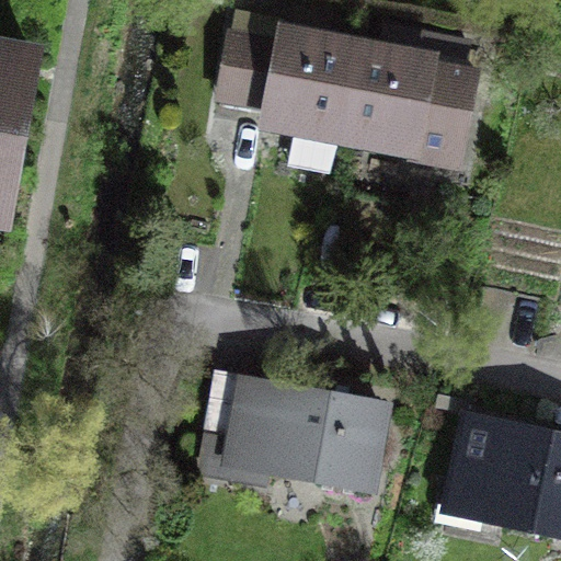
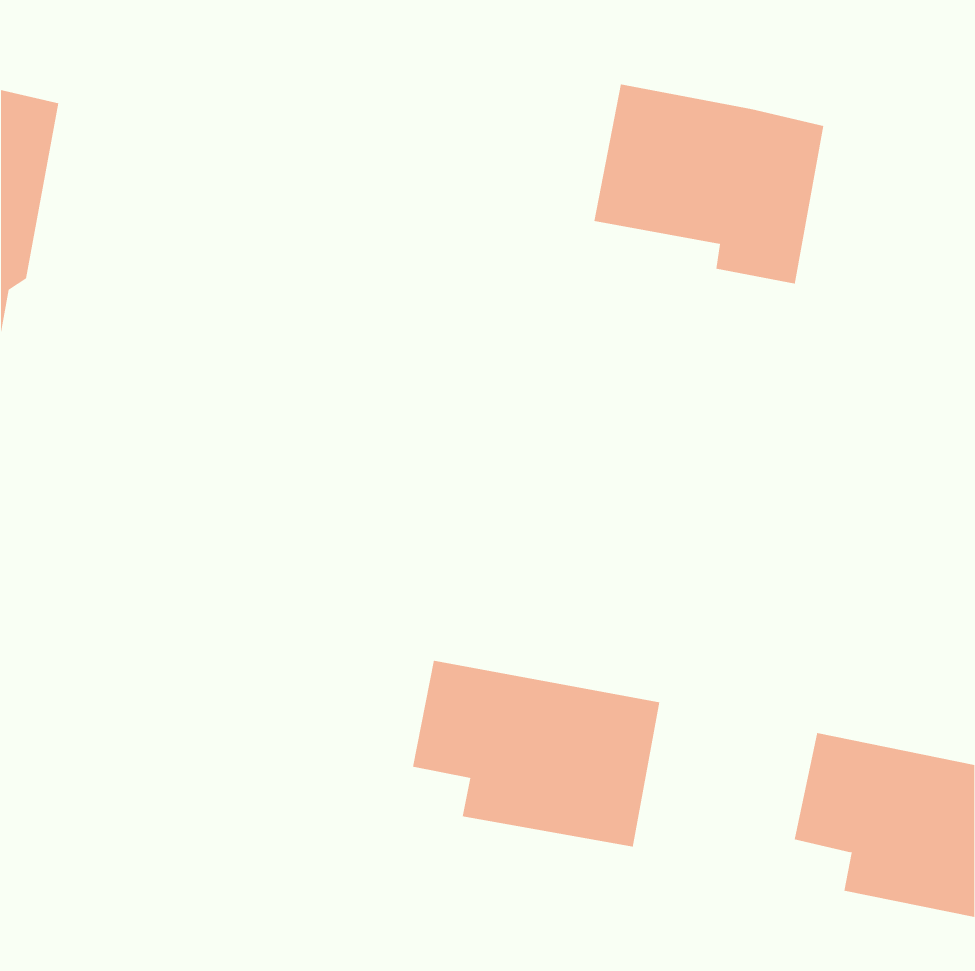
building: [224,34,356,170] -> none

